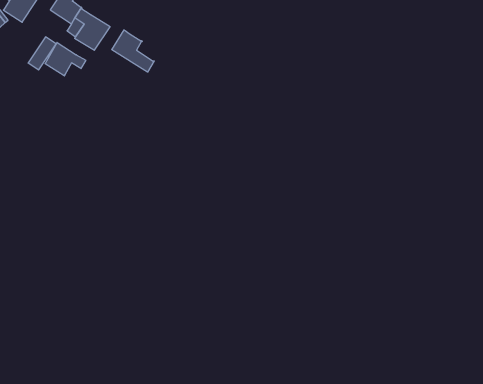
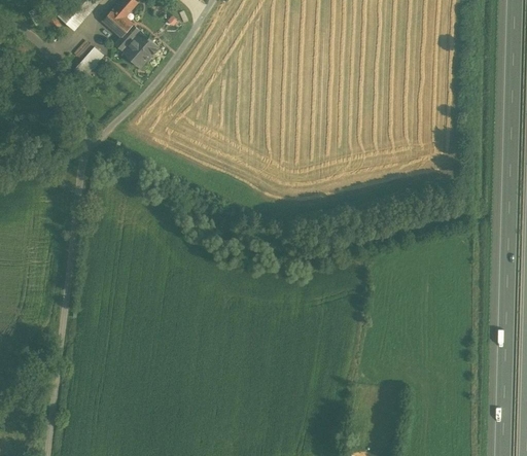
building: [112,30,154,72] -> none
building: [45,42,86,76] -> none

